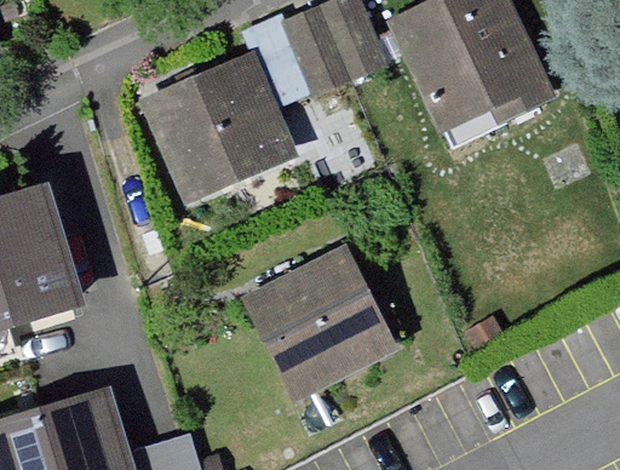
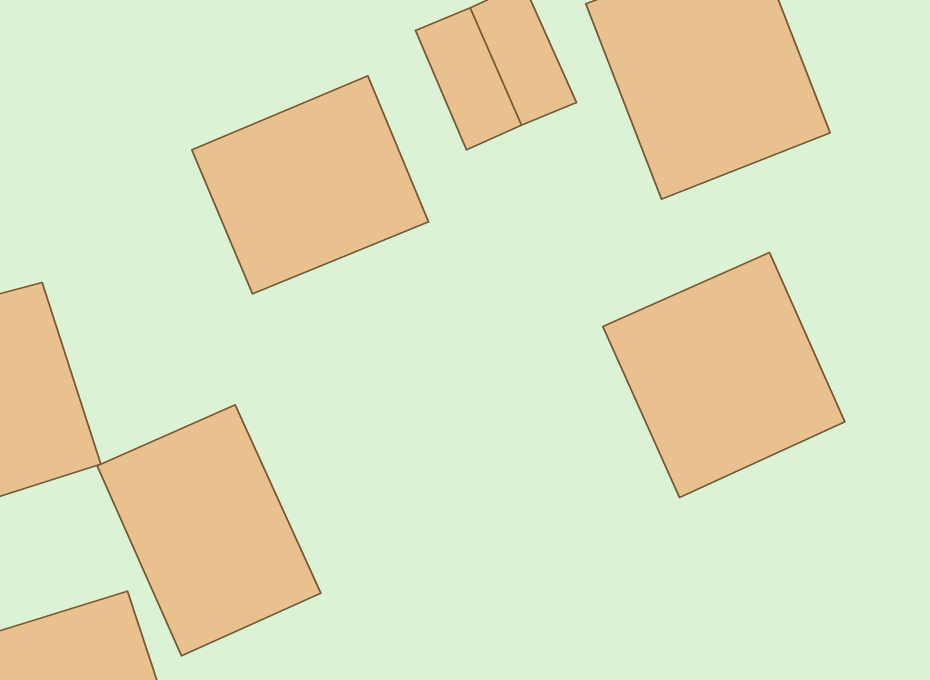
building: none -> [603,252,845,497]
building: [237,241,401,399] -> none
building: none -> [97,405,321,656]

